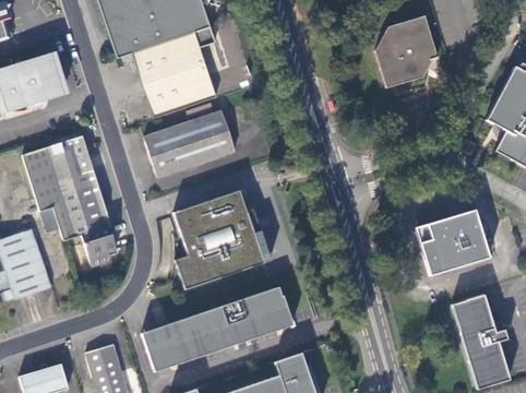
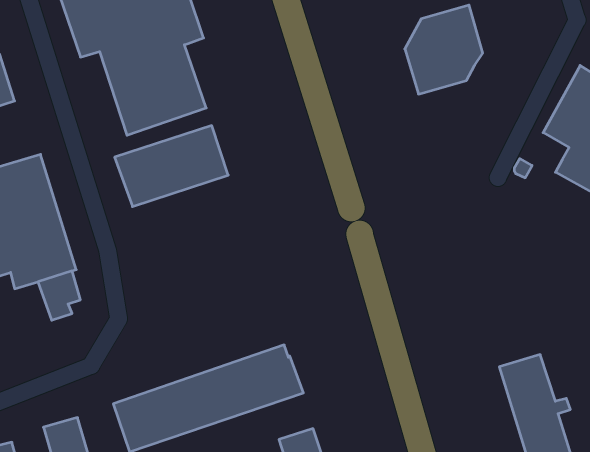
building: [175,187,264,287] -> none
building: [414,207,489,275] -> none

